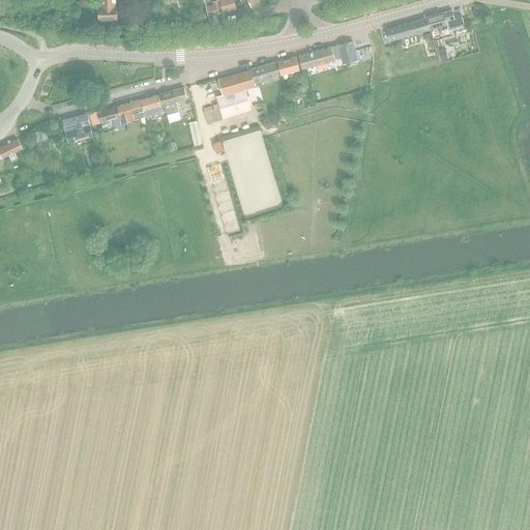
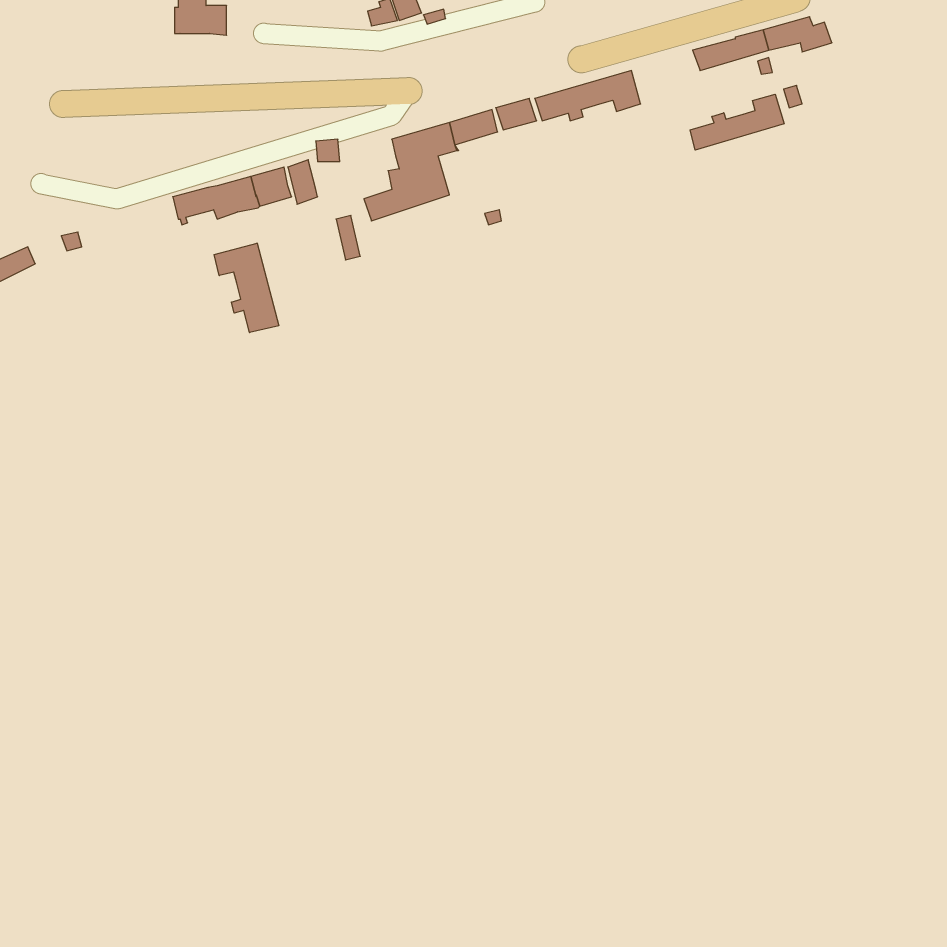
building: none -> [690,94,784,150]
building: [63,113,91,141] -> none
building: none -> [214,243,279,333]

